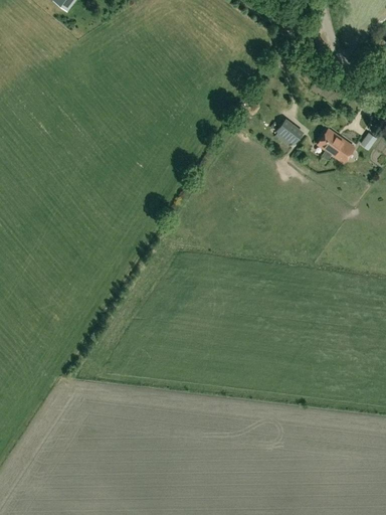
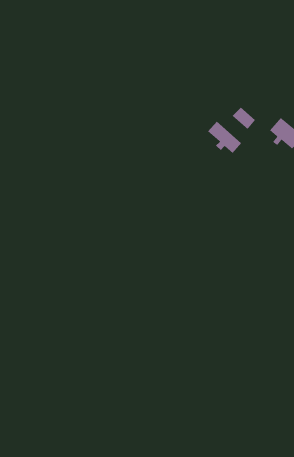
building: none -> [207,121,242,154]

